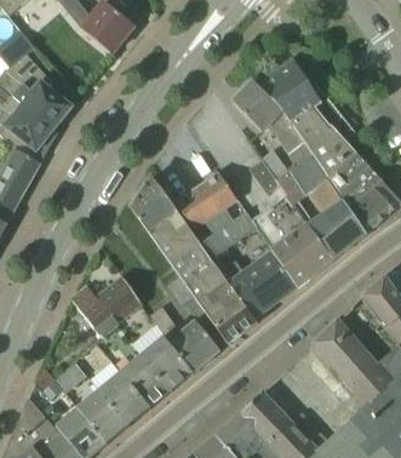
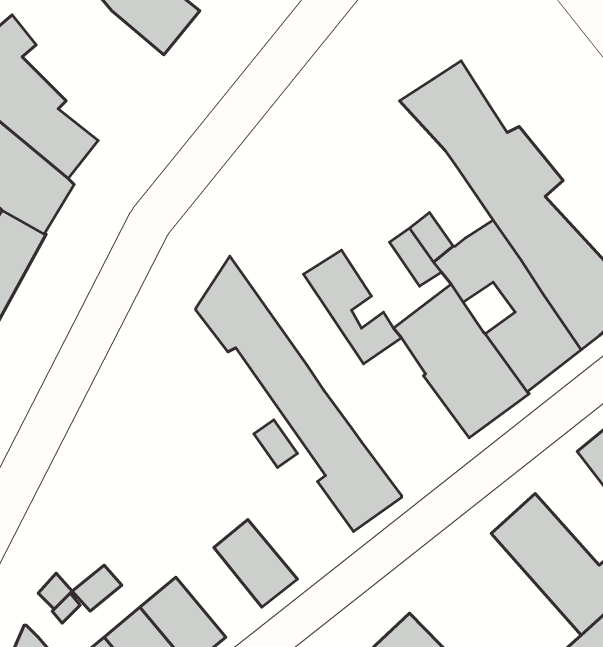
building: [233,79,311,165] -> none
building: [174,187,233,257] -> none
building: [225,248,297,321] -> none
building: [70,277,143,336] -> none
building: [149,305,219,372] -> none
building: [119,353,171,407] -> none

